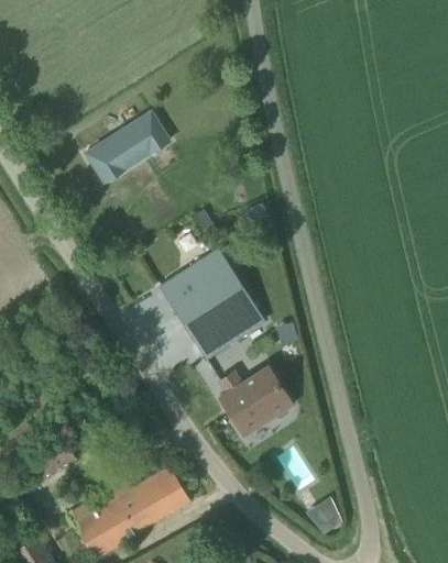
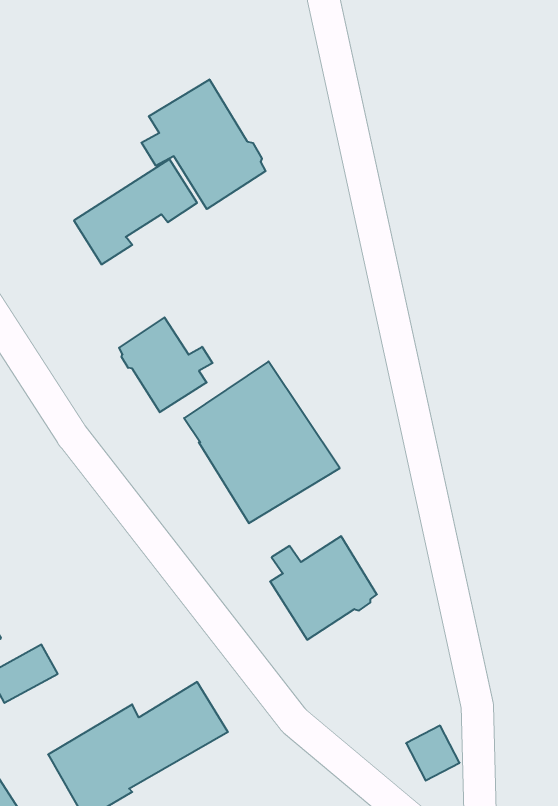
building: none -> [141,79,266,209]
building: none -> [119,317,213,412]

